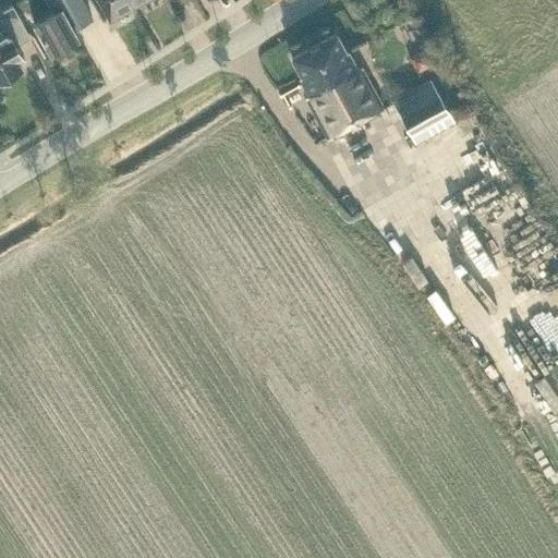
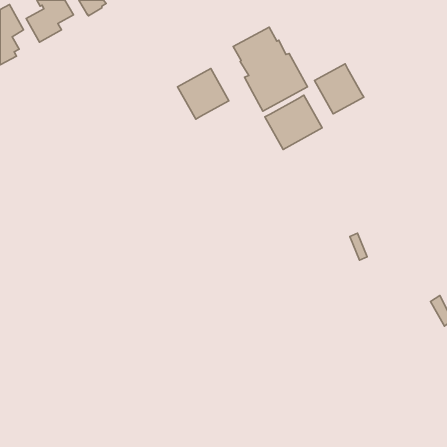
building: none -> [178,68,229,119]
building: none -> [265,95,322,150]

